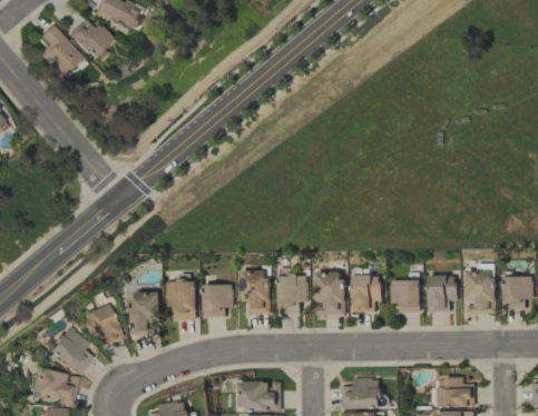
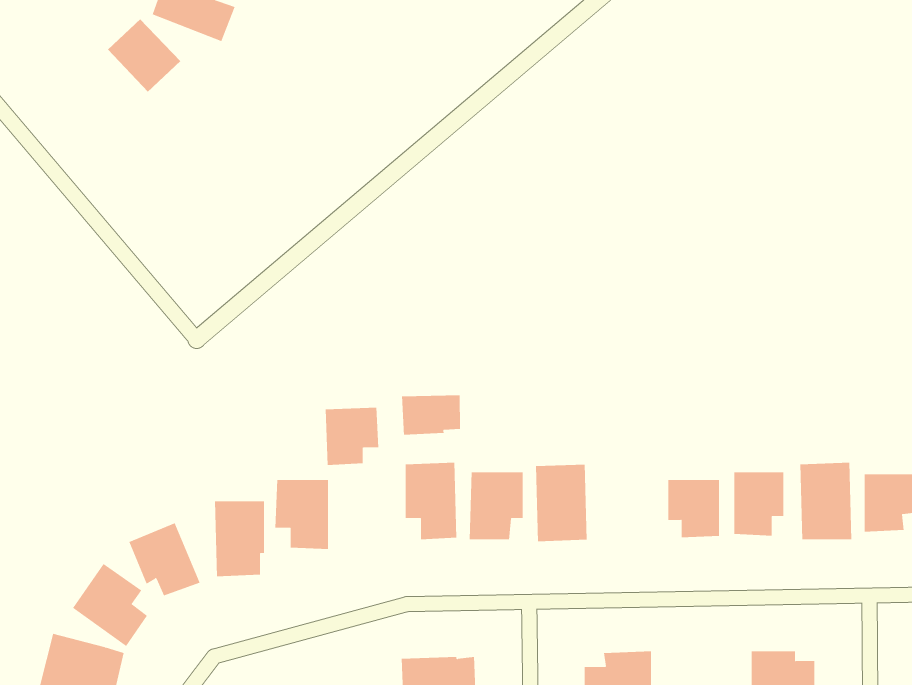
building: [38,24,82,78] -> none
building: none -> [402,394,460,436]
building: [351,275,380,311] -> none
building: [203,284,234,317] -> [325,407,379,465]

